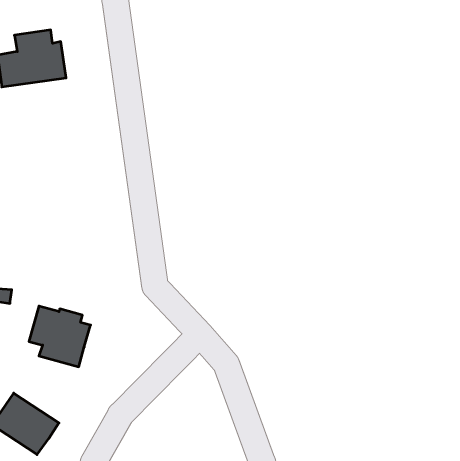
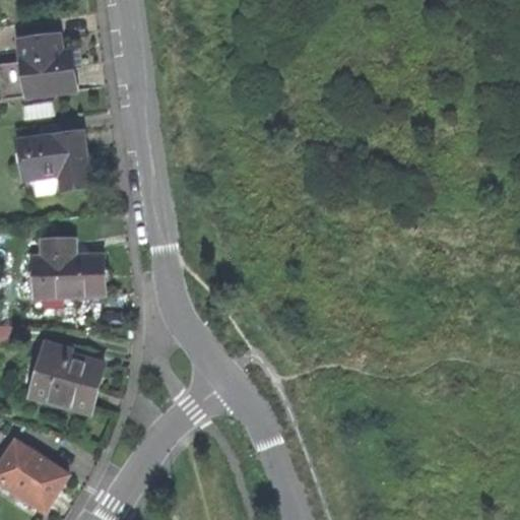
building: none -> [19,131,86,187]
building: none -> [34,240,103,298]

